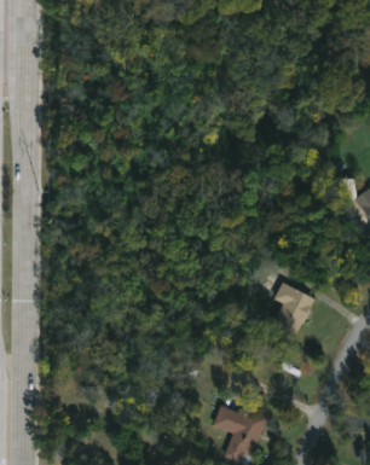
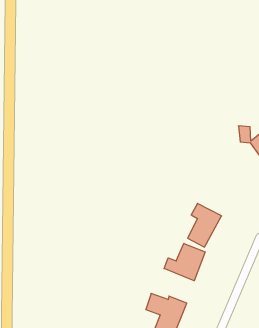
building: none -> [164,243,205,281]

